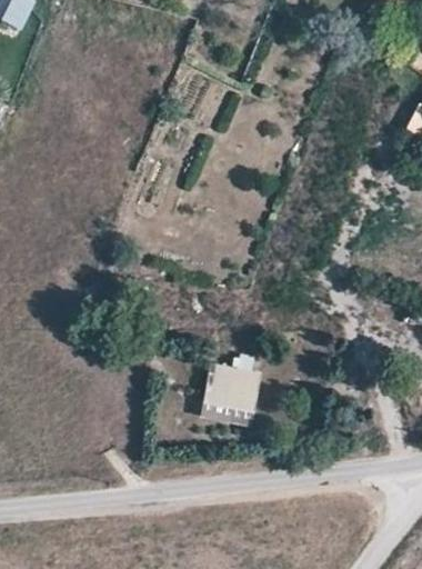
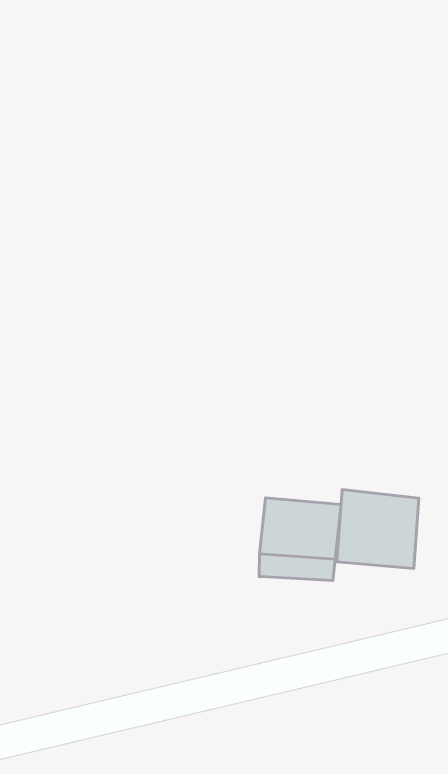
building: none -> [337,489,419,569]

